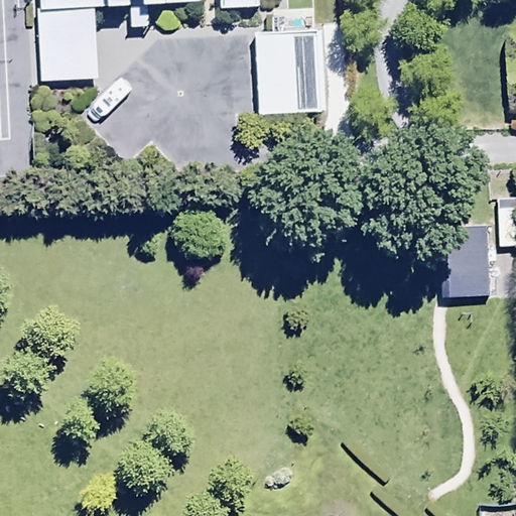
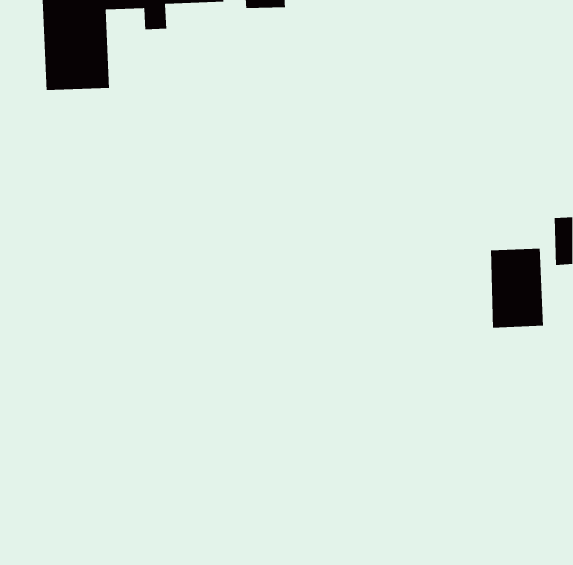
building: [254,30,328,113] -> none

